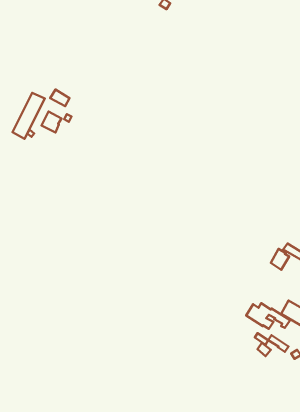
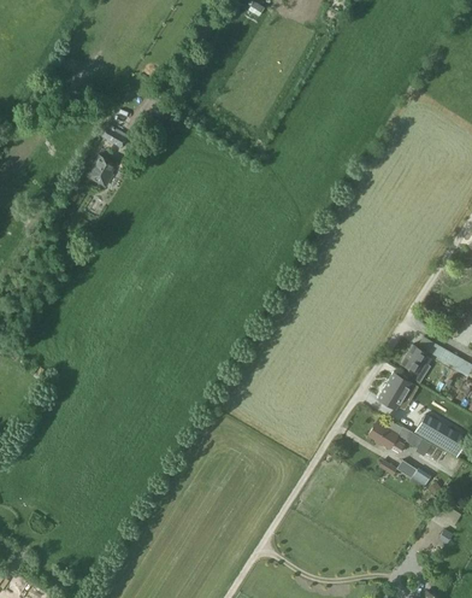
building: [13,93,45,139] -> none
building: none -> [378,373,412,410]

